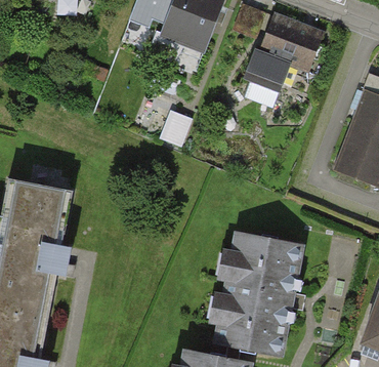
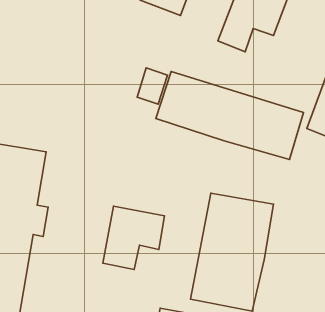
building: none -> [156,71,304,159]
building: none -> [103,206,165,269]

